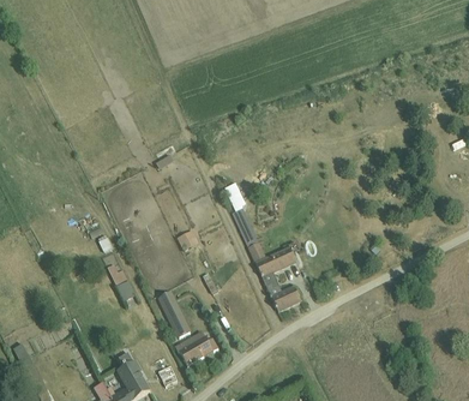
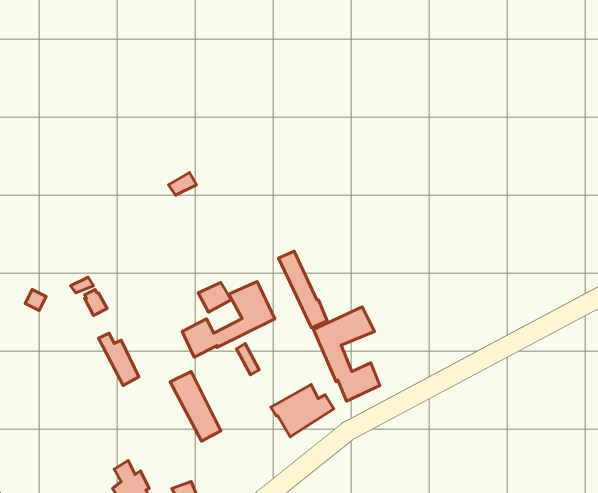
building: none -> [182,281,275,357]
building: [175,330,218,366] -> [271,384,334,437]

